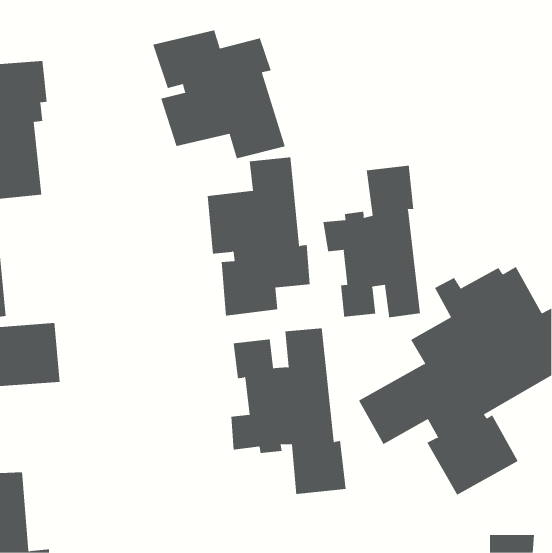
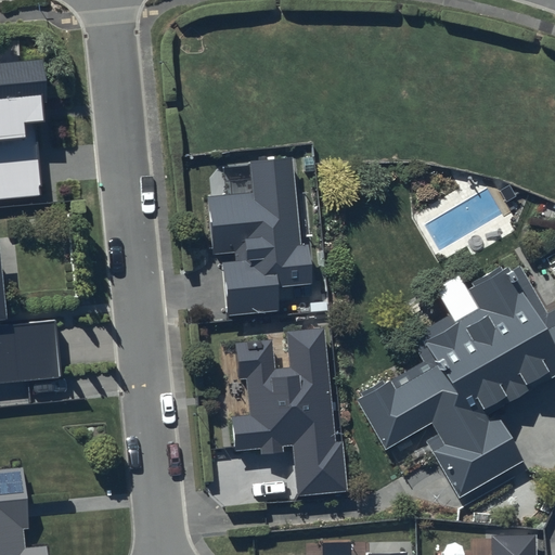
building: [152,30,286,159] -> none
building: [323,165,421,318] -> none

